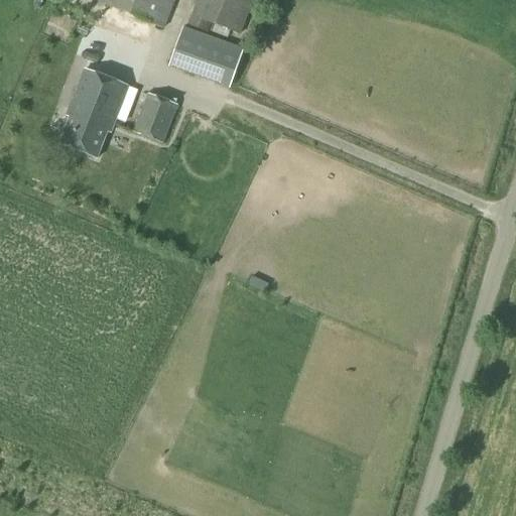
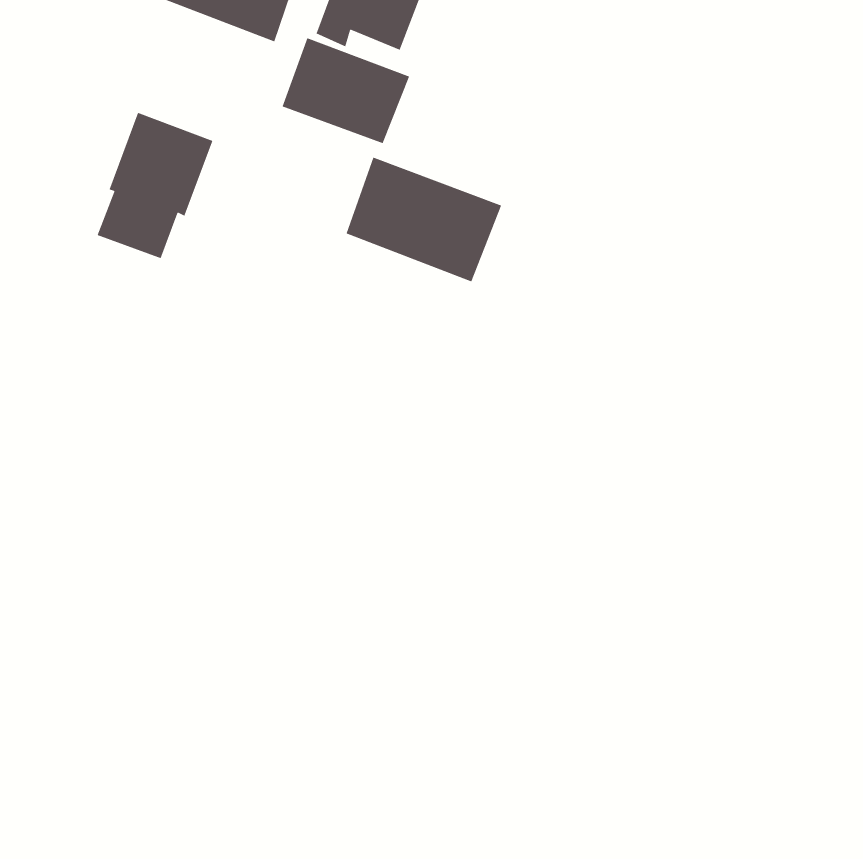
building: [133,90,179,141] -> none
building: none -> [346,156,502,283]

